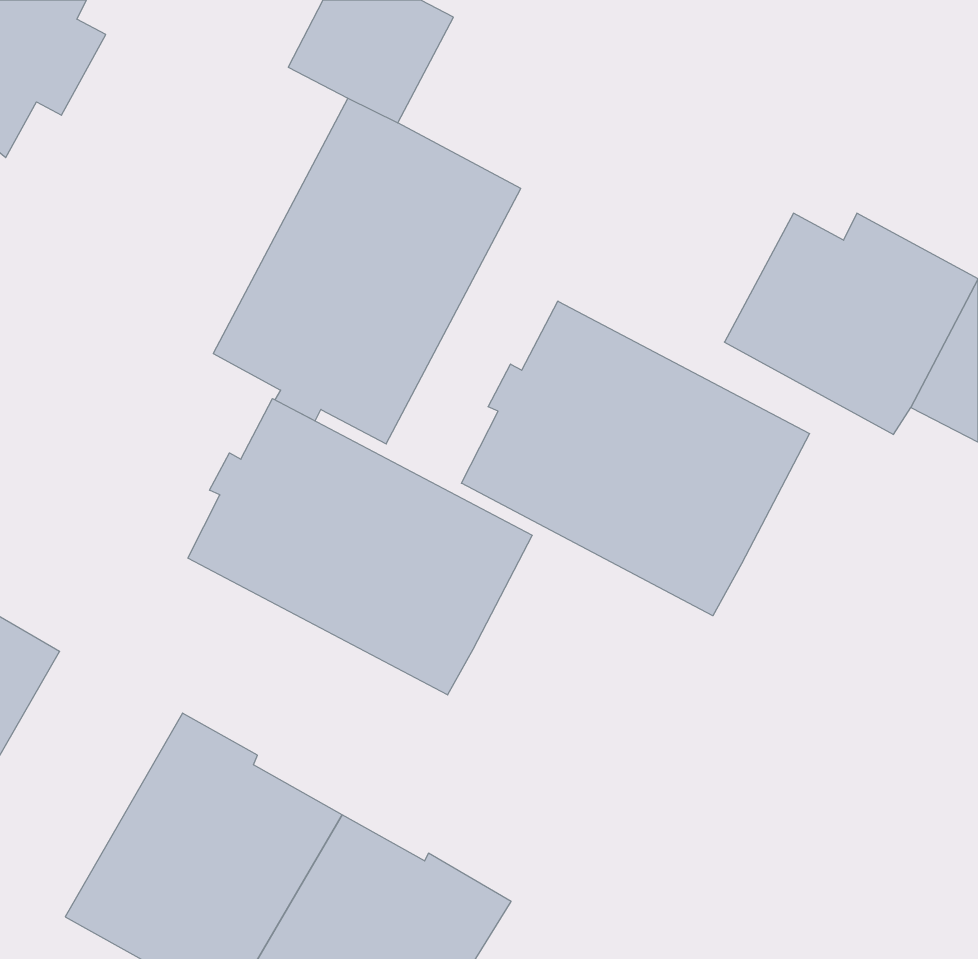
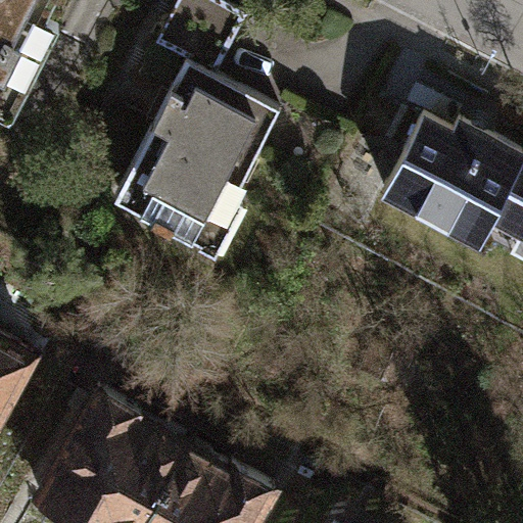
building: [461,301,810,616] -> none
building: [188,399,532,695] -> none

